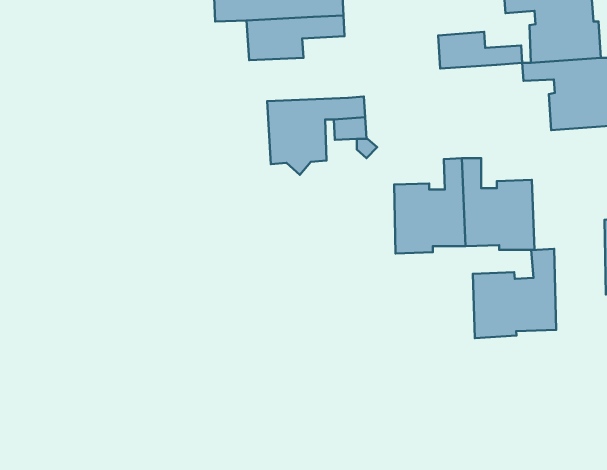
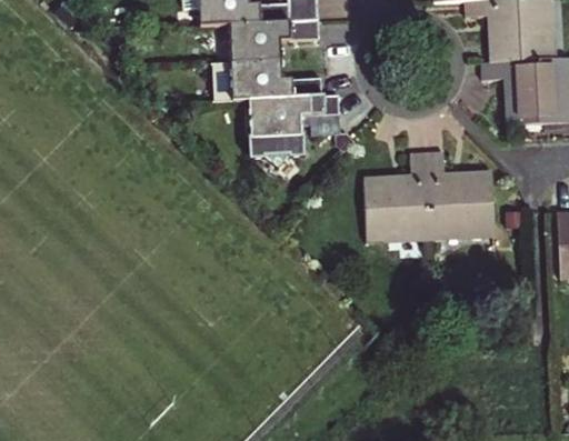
building: [438,32,522,69] -> none
building: none -> [232,58,323,99]
building: [473,249,556,338] -> none

